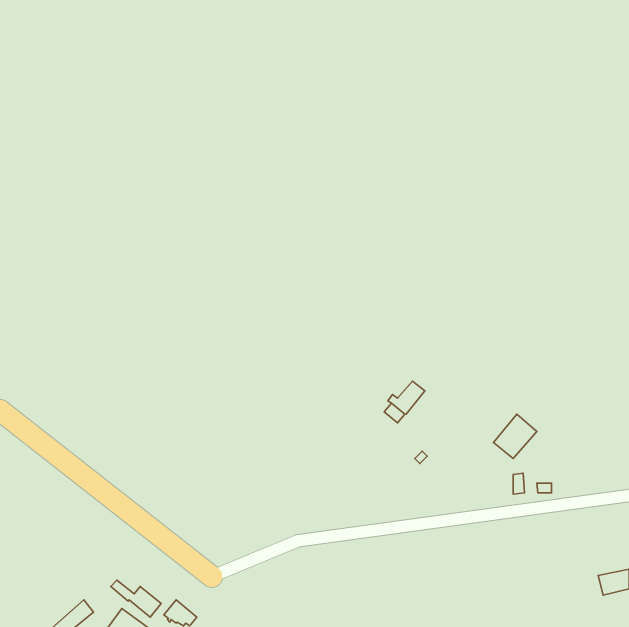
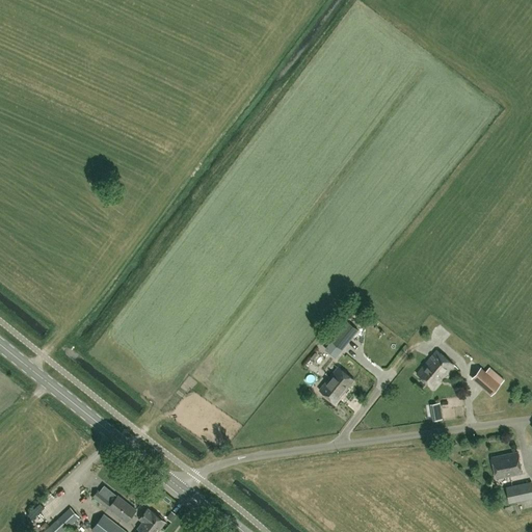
building: none -> [319,368,354,404]
building: none -> [472,370,504,395]
building: none -> [491,453,522,480]

